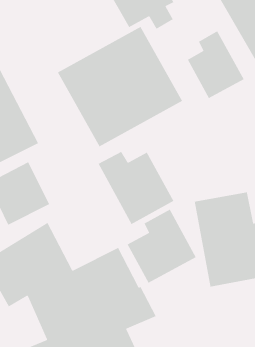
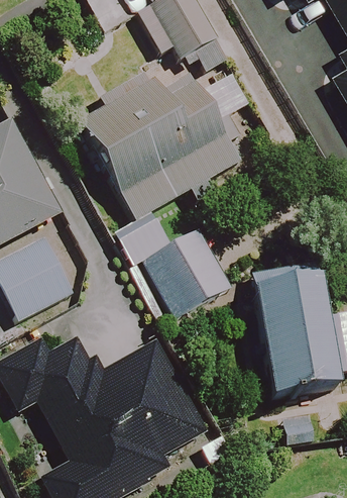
building: [187,30,245,99] -> none
building: [127,208,197,284] -> none

